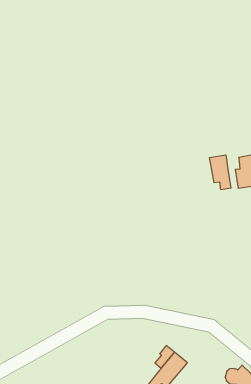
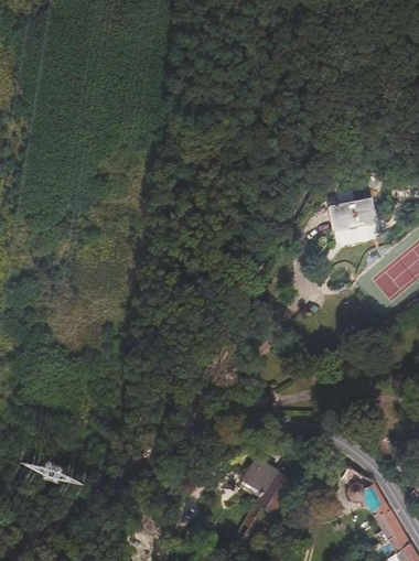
building: [210,155,231,190] -> none

